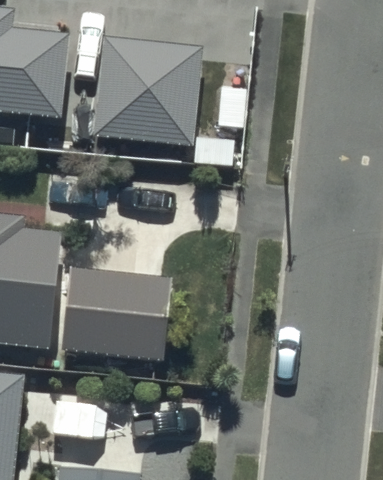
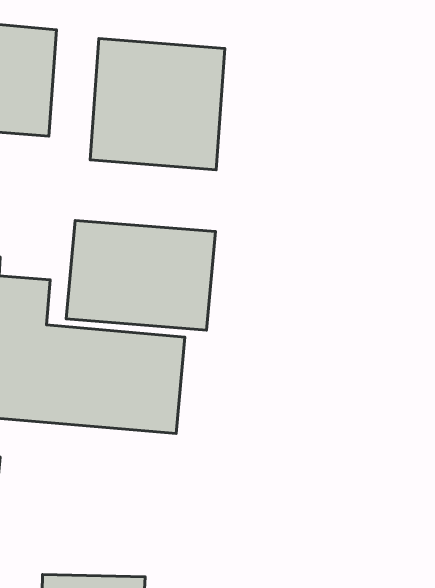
building: none -> [66,221,215,330]

